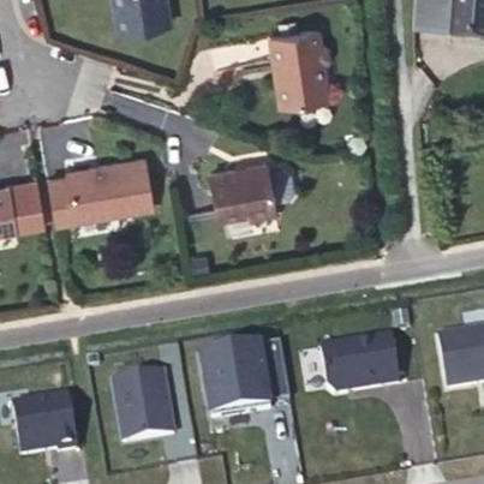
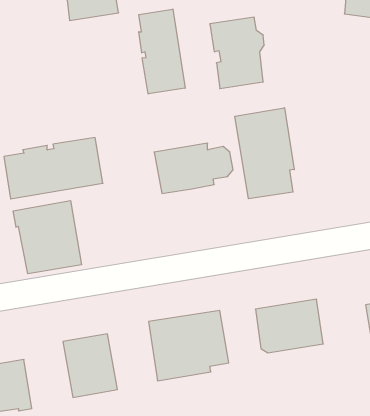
building: none -> [139,9,185,94]
building: none -> [235,108,294,199]
building: none -> [13,201,81,274]

